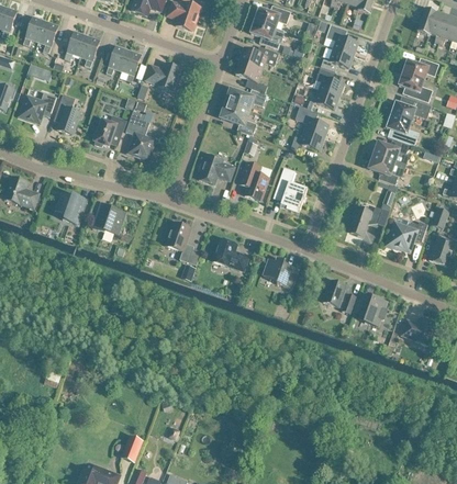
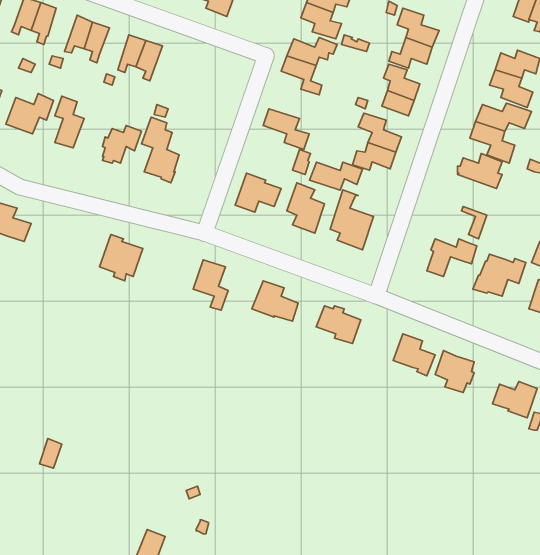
building: [145,63,180,90] -> none
building: [225,89,267,111] -> [309,162,363,190]
building: [369,155,404,183] -> none
building: [55,192,87,224] -> none

